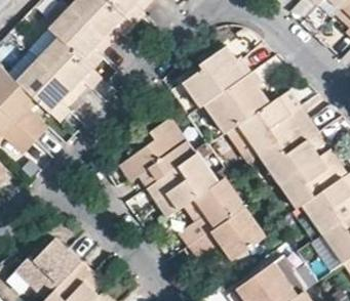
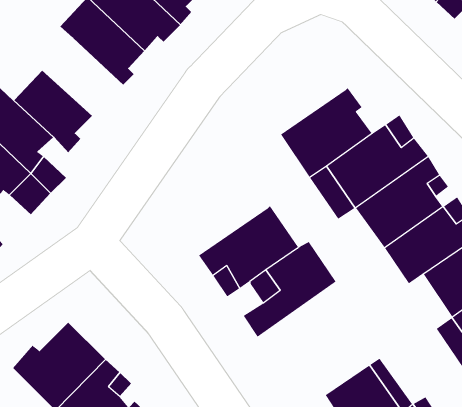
building: [35,33,95,88] -> none
building: [183,44,250,105] -> none
building: [119,116,195,187] -> none
building: [188,206,265,260] -> none

